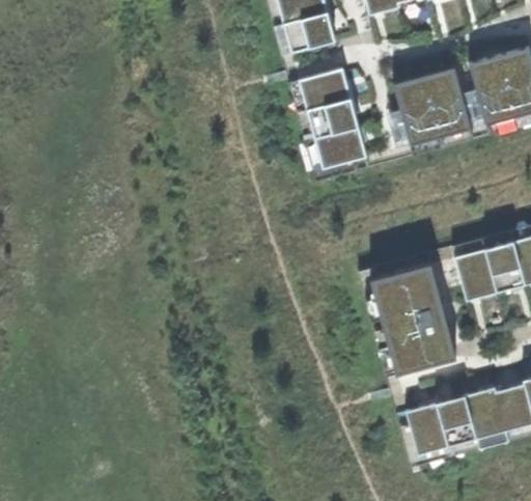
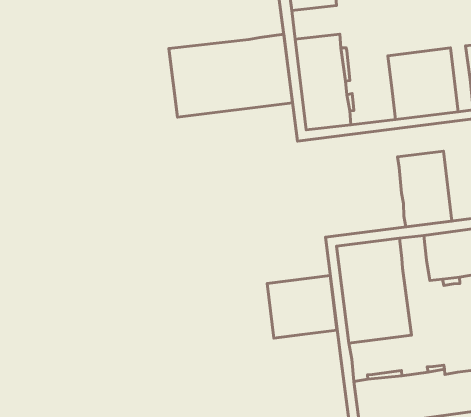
building: none -> [169,34,293,117]
building: none -> [397,151,452,227]
building: none -> [267,276,337,338]

